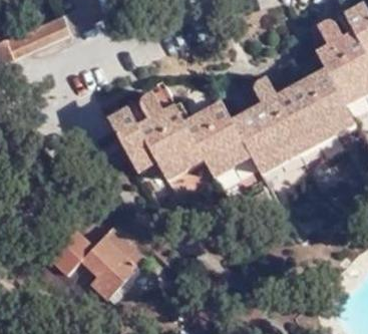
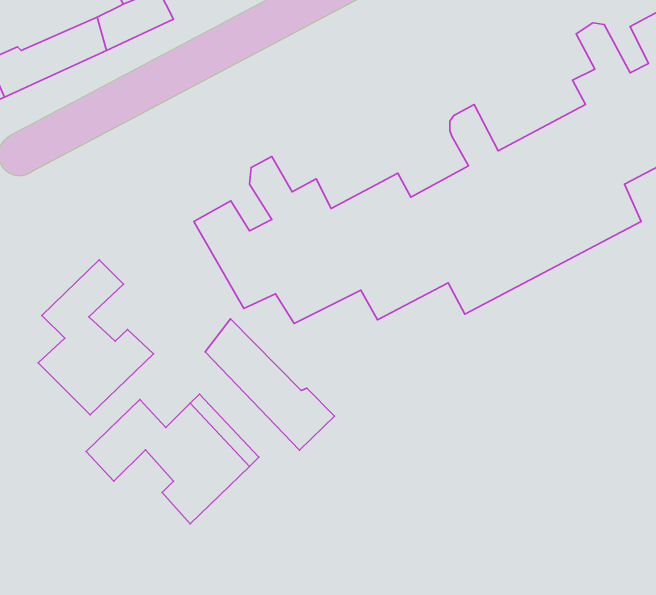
building: none -> [38,260,154,415]
building: none -> [205,319,335,450]

